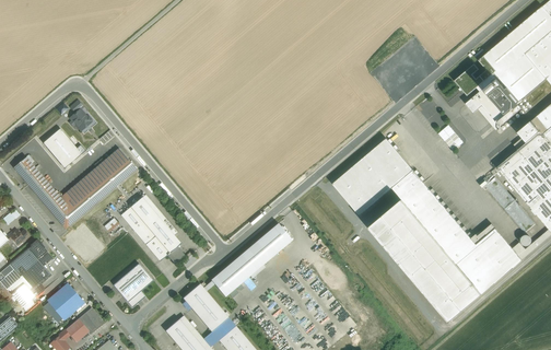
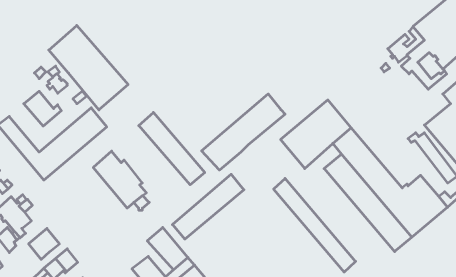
building: none -> [49,25,128,110]
building: none -> [202,94,285,170]
building: none -> [139,112,205,185]
building: [370,217,462,323] -> [274,178,356,272]
building: [114,264,153,307] -> none

